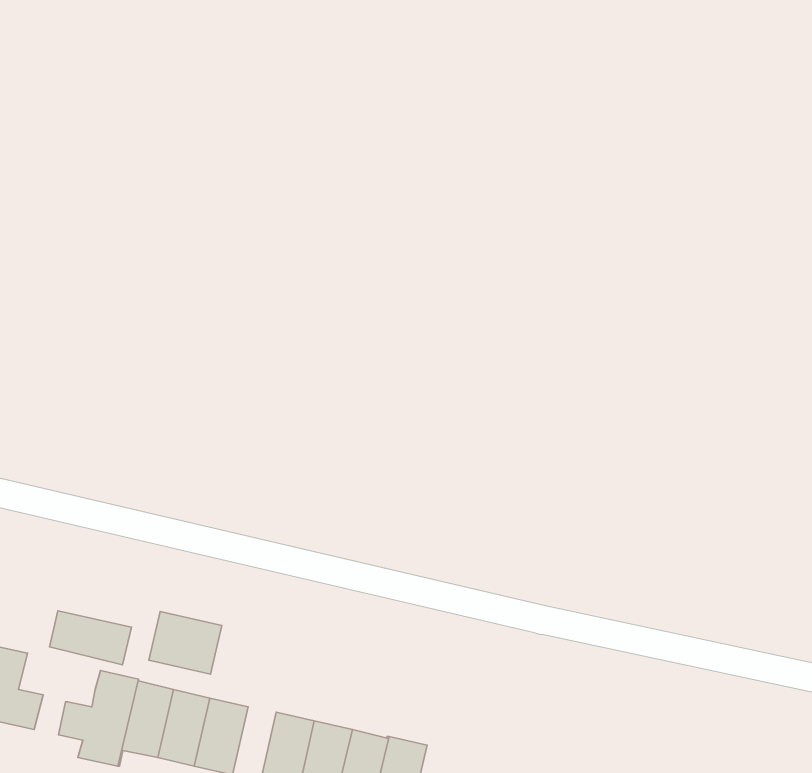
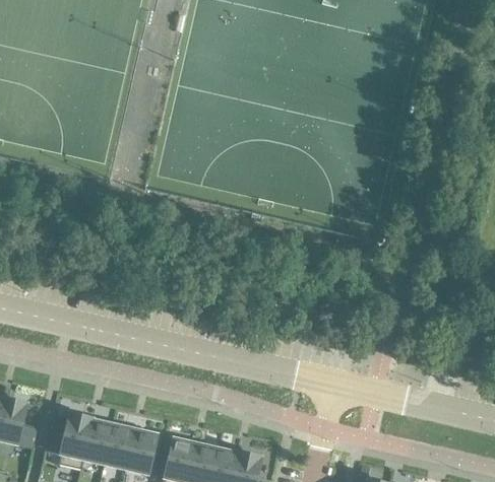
building: [49,611,132,665] -> none
building: [149,611,222,674] -> none

